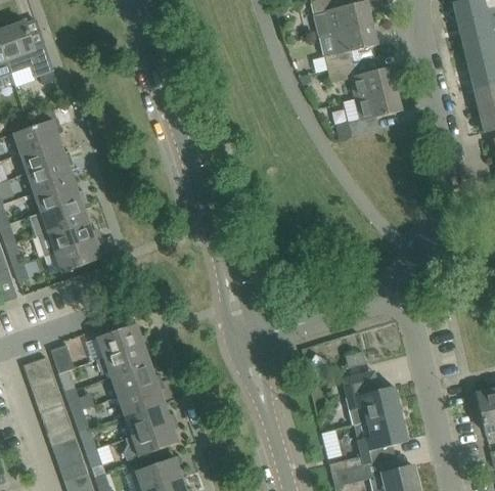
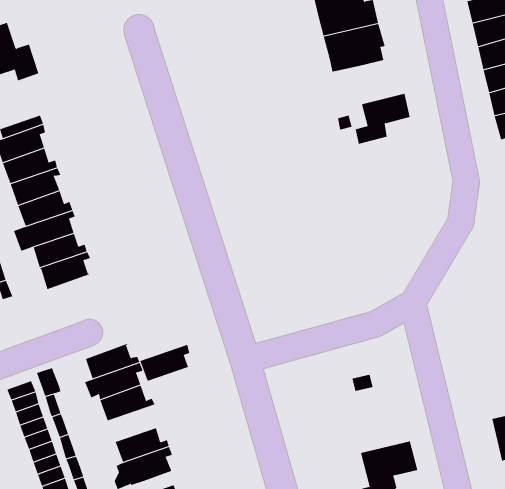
building: [327,58,396,99] -> none
building: [343,373,401,426] -> none
building: [118,381,165,415] -> [140,344,190,381]

